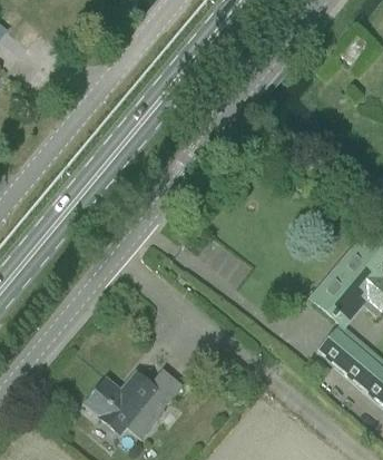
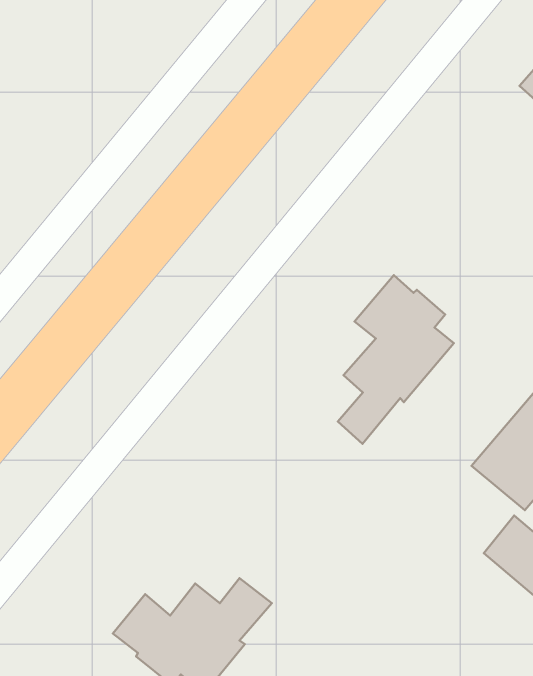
building: none -> [338,275,454,444]

